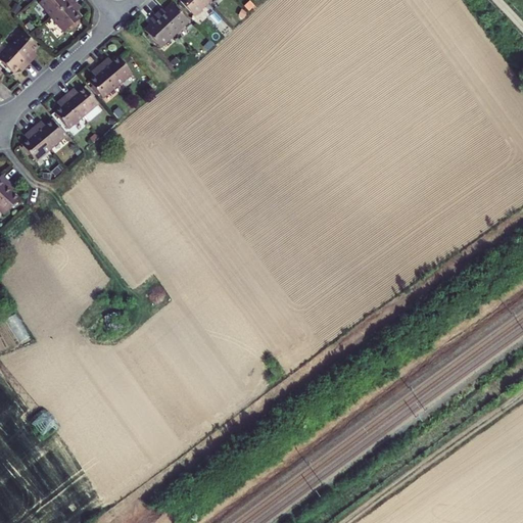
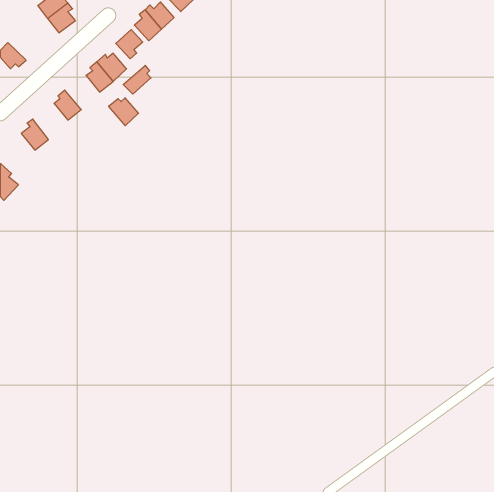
building: none -> [116,30,143,59]
building: [8,32,37,63] -> none
building: none -> [123,65,151,94]
building: [68,86,100,115] -> [109,98,139,126]
building: [35,117,65,147] -> none

